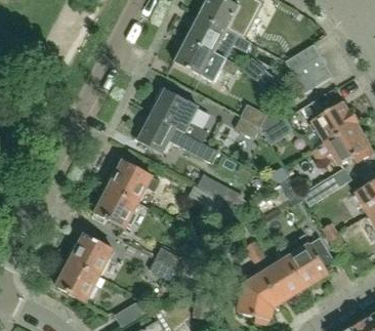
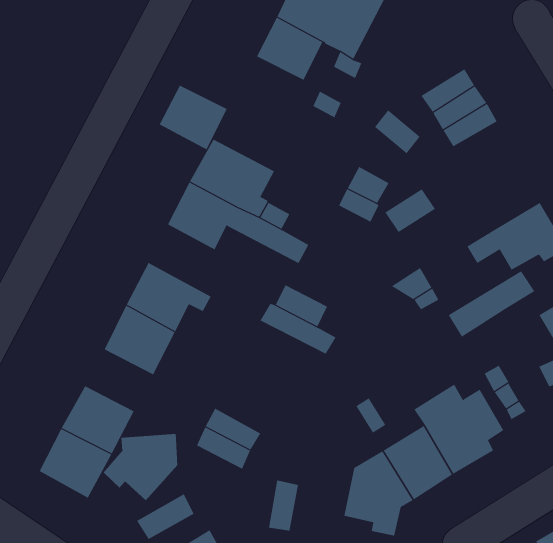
building: [173,38,214,77] -> [159,85,227,150]
building: [310,94,358,143] -> none
building: none -> [103,433,178,501]

